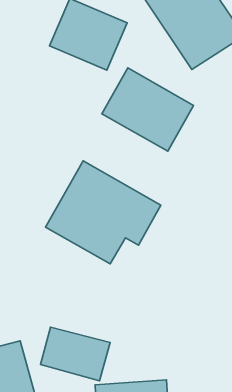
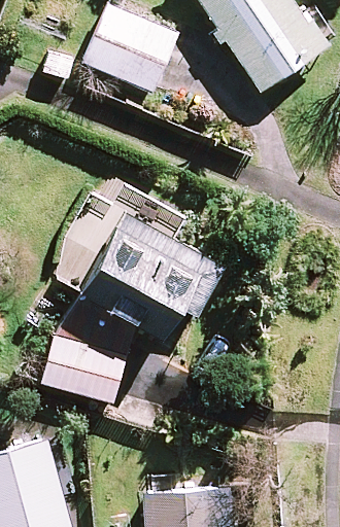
building: [102,68,194,151] -> none
building: [41,327,110,381] -> [39,336,127,403]

